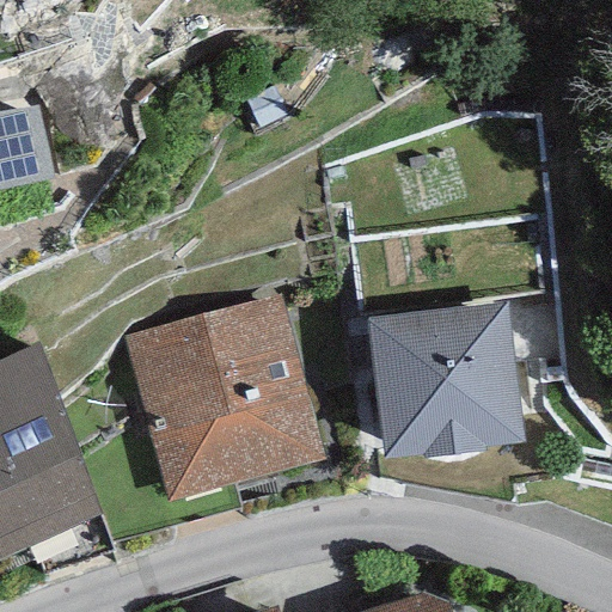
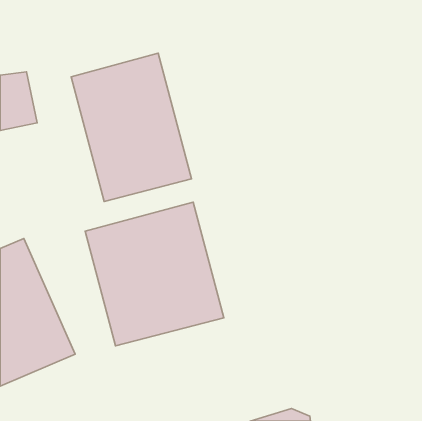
building: none -> [71,53,191,201]
building: [366,302,522,459] -> none

